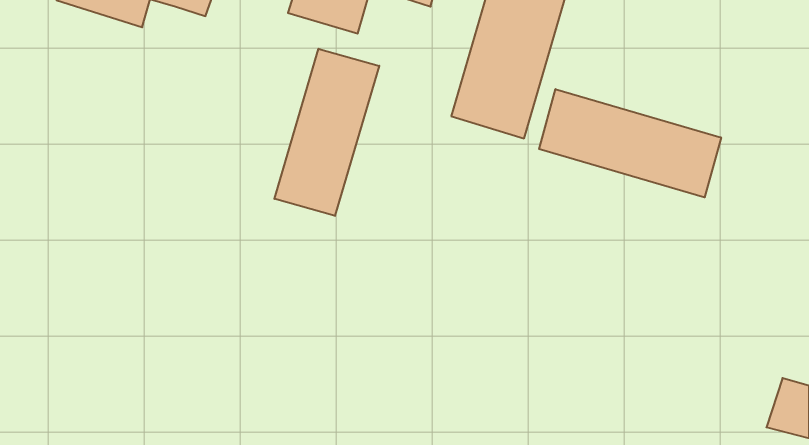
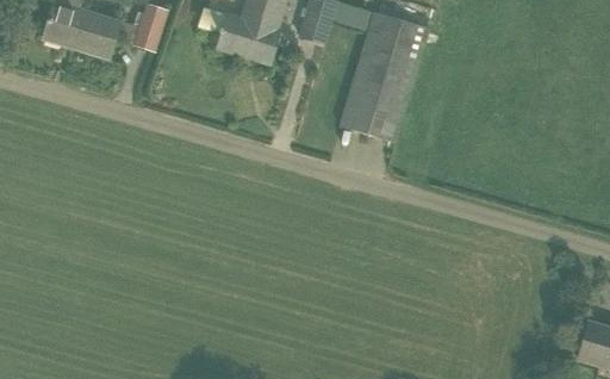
building: [274,49,379,216] -> none
building: [539,89,721,197] -> none

